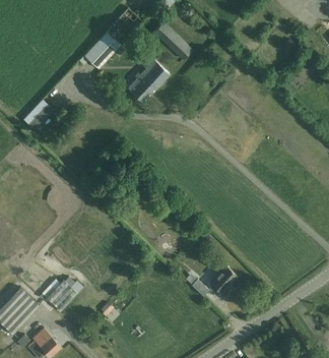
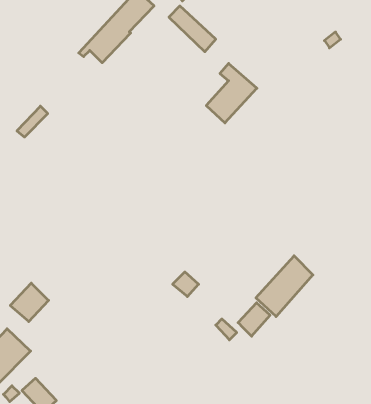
building: [128,53,170,102] -> [206,63,257,123]
building: none -> [256,256,313,317]
building: [46,279,77,310] -> [10,283,49,322]

